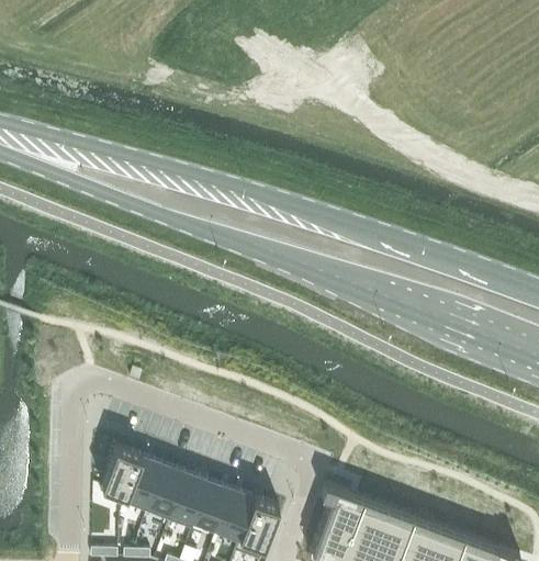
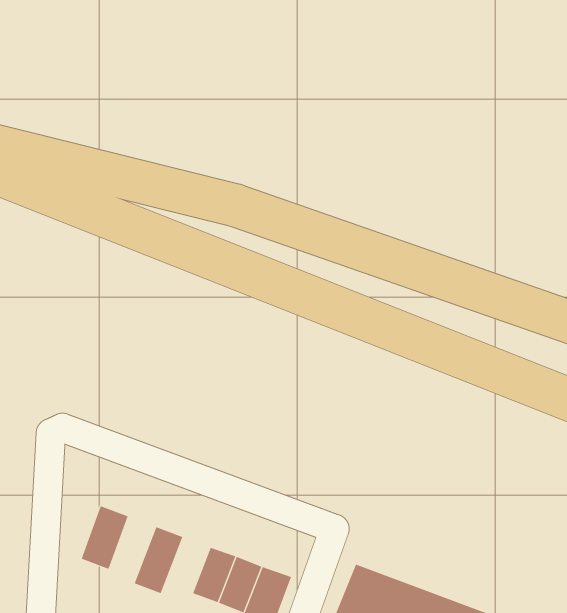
building: [124,456,166,513] -> none
building: [170,473,212,530] -> none

